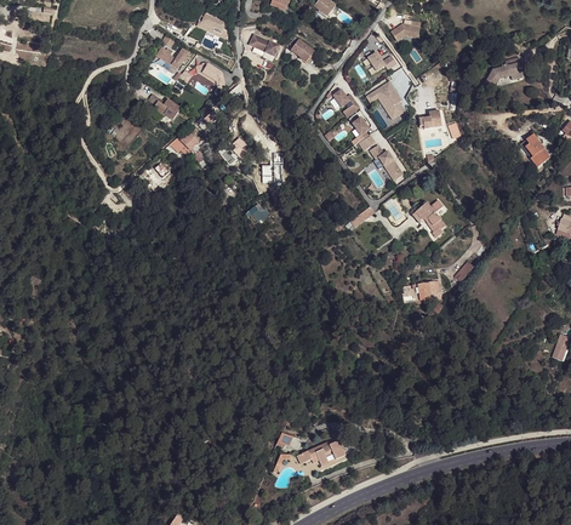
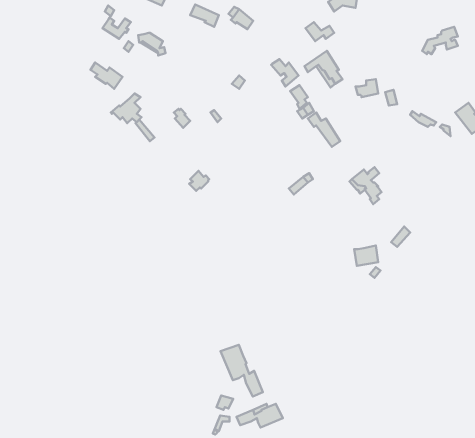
building: none -> [221,345,263,396]

